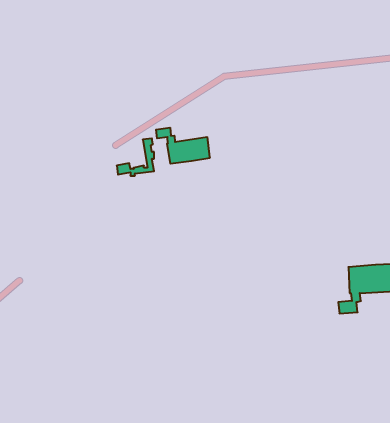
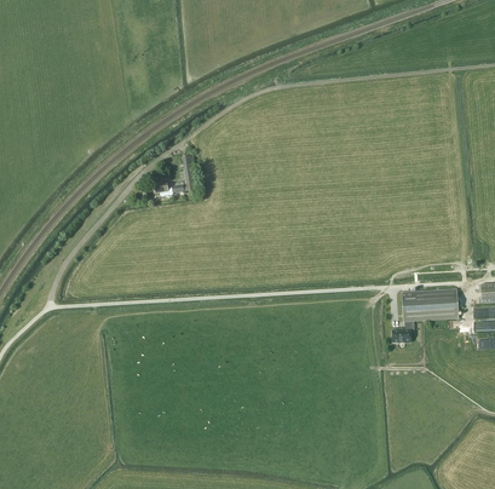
building: [156,128,210,164] -> none

